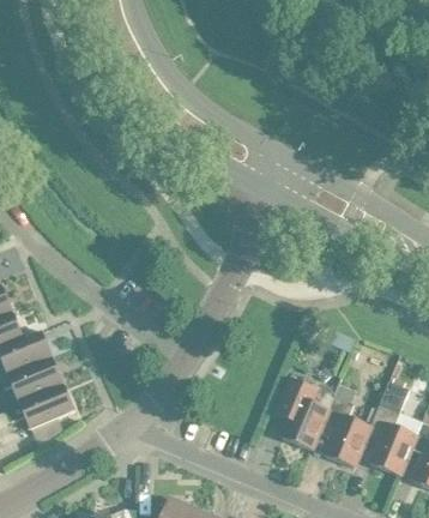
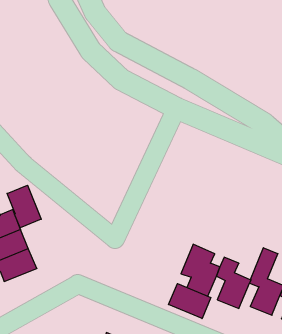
building: none -> [7,185,41,228]
building: none -> [169,284,211,319]

